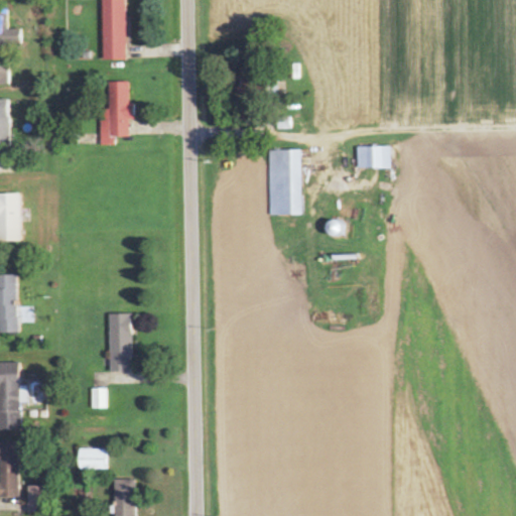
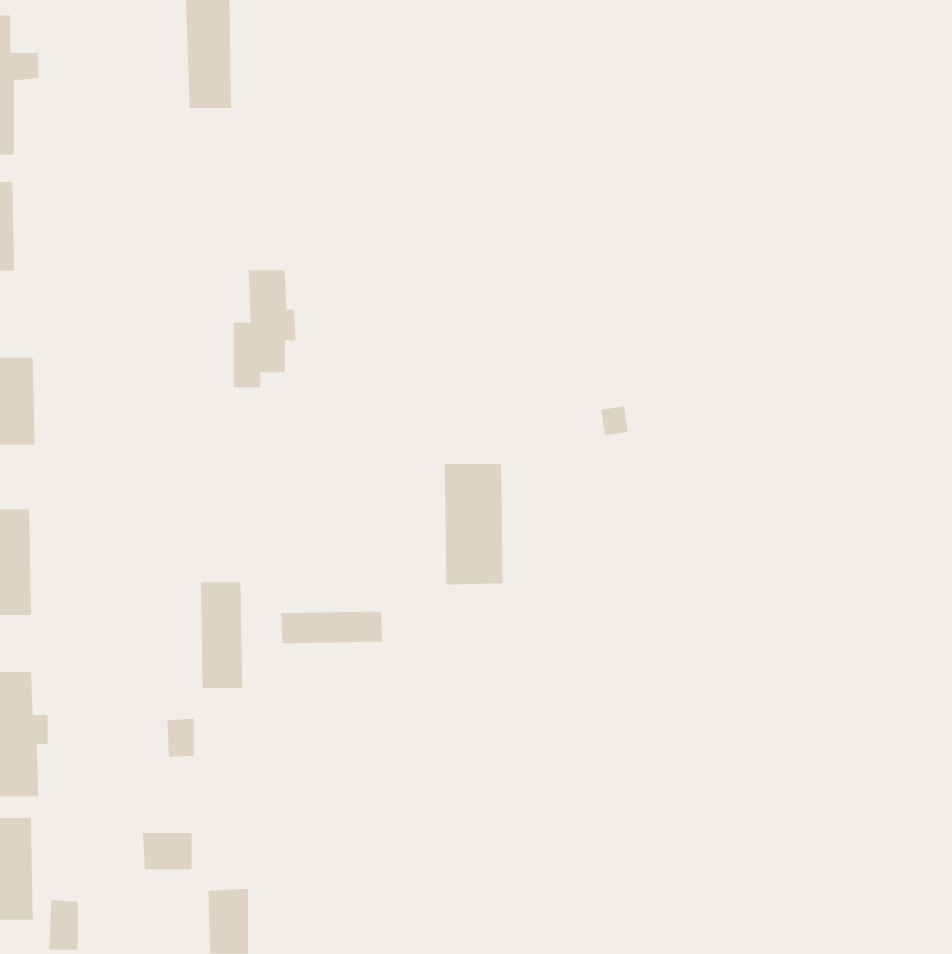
building: [100,81,134,144] -> [233,270,297,388]
building: [356,145,389,167] -> none
building: [268,149,300,215] -> [444,464,504,585]
building: none -> [281,611,383,644]

